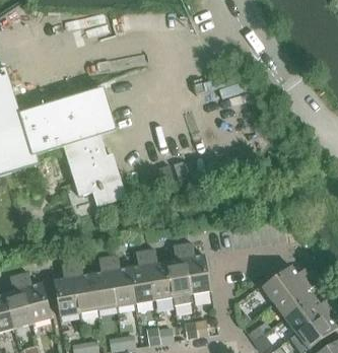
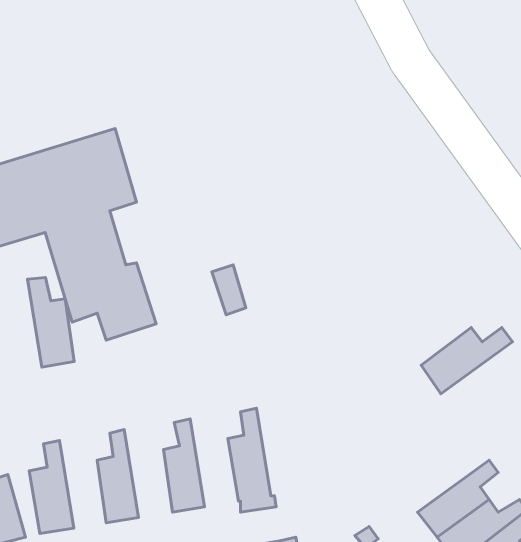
building: [182,244,210,295] -> none
building: [144,251,172,301] -> none
building: [107,257,134,307] -> none
building: [70,263,96,313] -> [28,277,74,367]
building: [262,267,314,304] -> [421,328,512,394]

